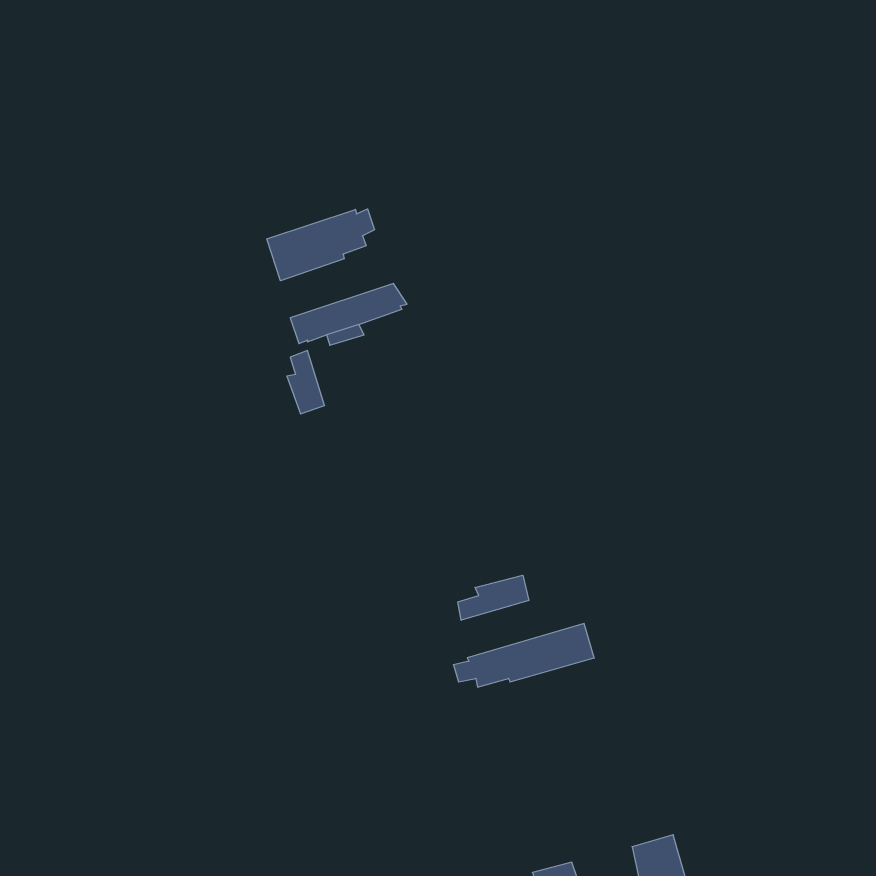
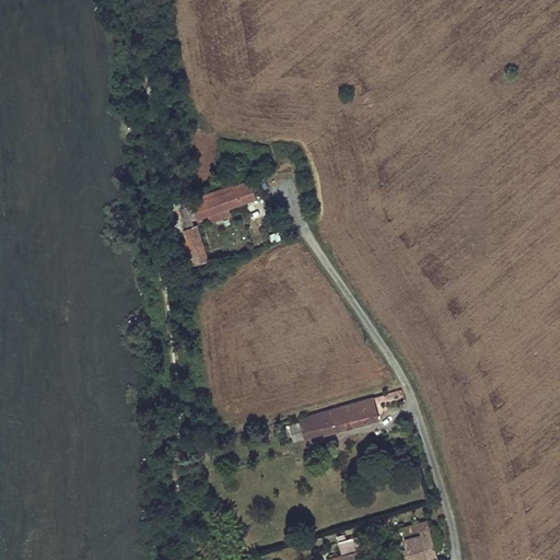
building: [267,209,374,281] -> none
building: [458,575,529,620] -> none

